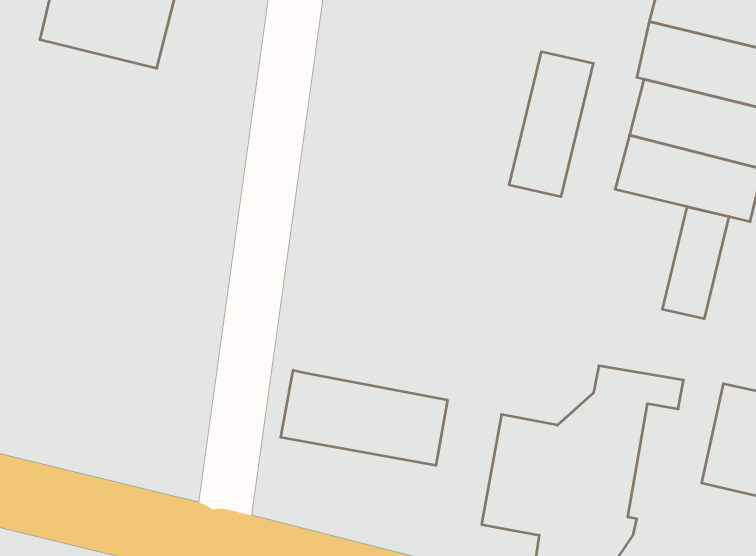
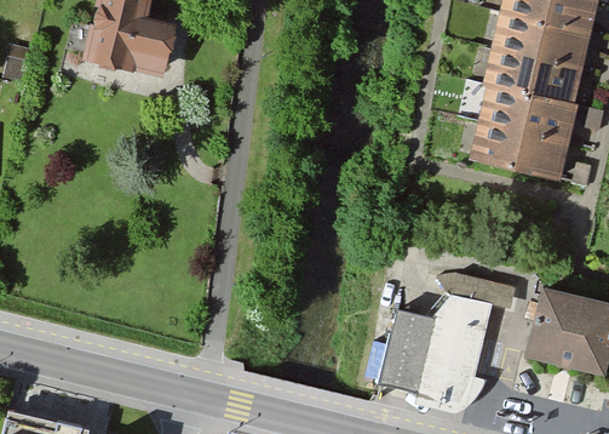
building: [509,52,593,197] -> none
building: [662,207,729,319] -> none
building: [281,370,447,465] -> none

